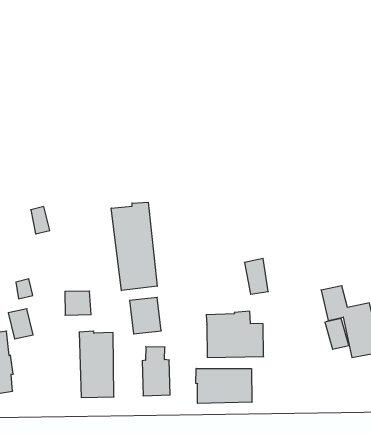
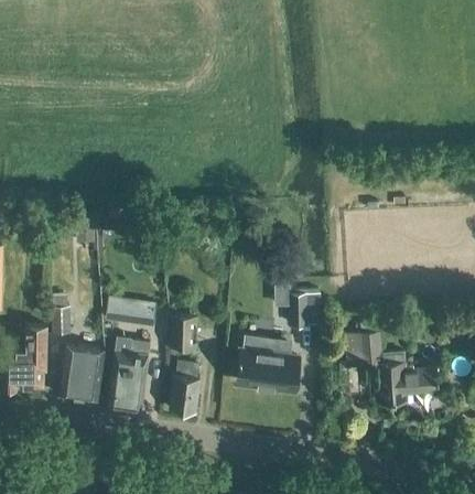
building: [111,202,157,291] -> none
building: none -> [60,346,104,401]
building: [196,368,252,403] -> none

